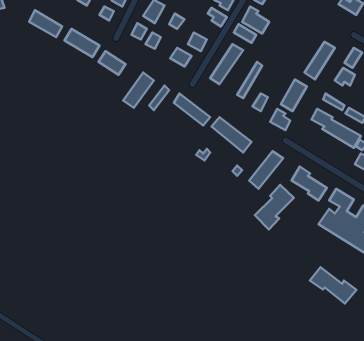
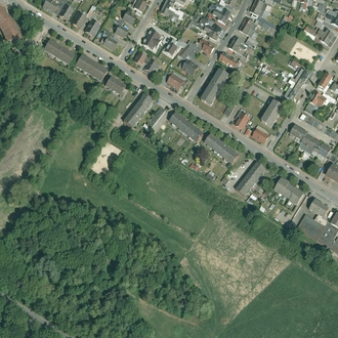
building: [255,185,294,229] -> none
building: [310,267,356,303] -> none

